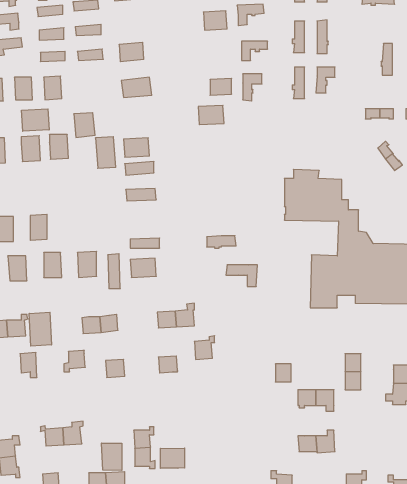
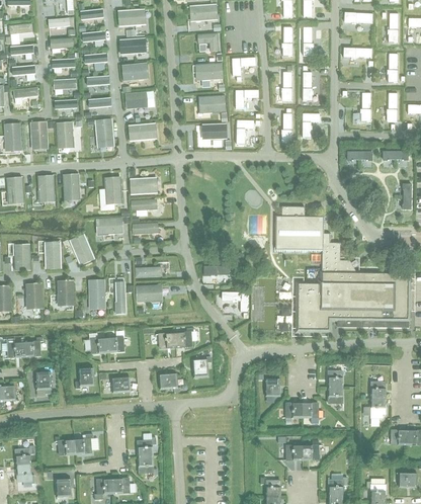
building: none -> [120,62,148,81]
building: [198,105,224,125] -> [201,95,225,112]
building: [22,109,49,131] -> none
building: [74,113,95,137] -> [94,119,113,142]
building: none -> [99,218,122,235]
building: none -> [71,238,94,265]
building: [29,312,51,346] -> none
building: [102,443,122,470] -> none
building: [160,448,185,468] -> none

